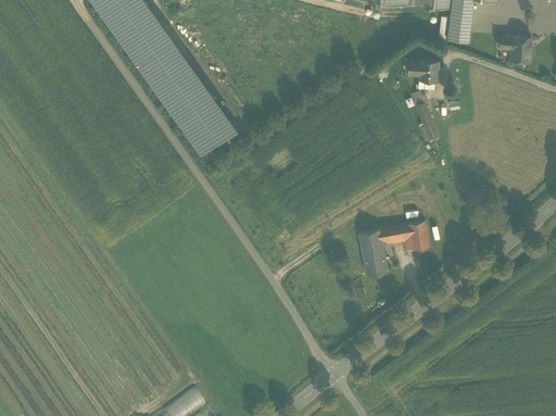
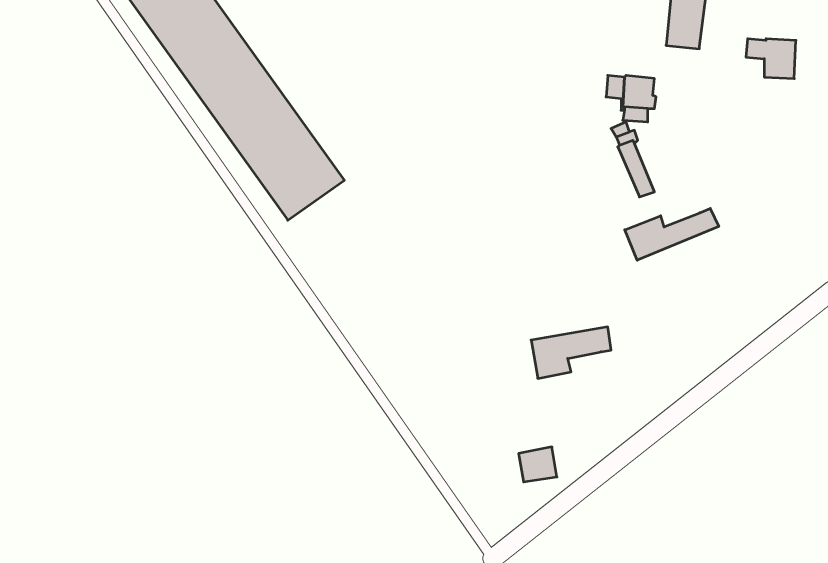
building: none -> [625,208,719,260]
building: [408,223,430,253] -> none
building: [363,255,388,278] -> [519,447,557,482]

